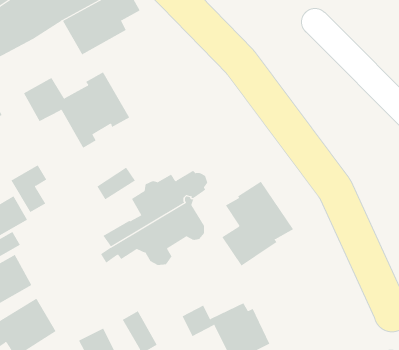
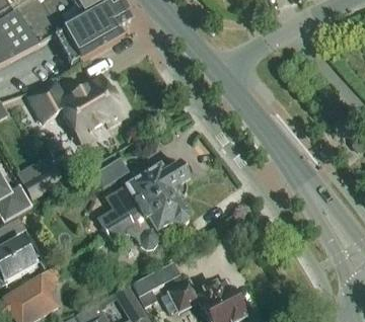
building: [221,181,294,267] -> none
building: none -> [135,261,185,307]

